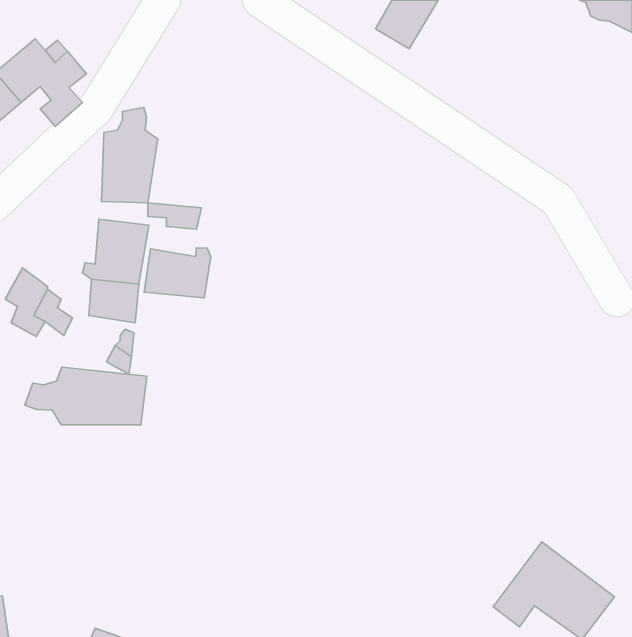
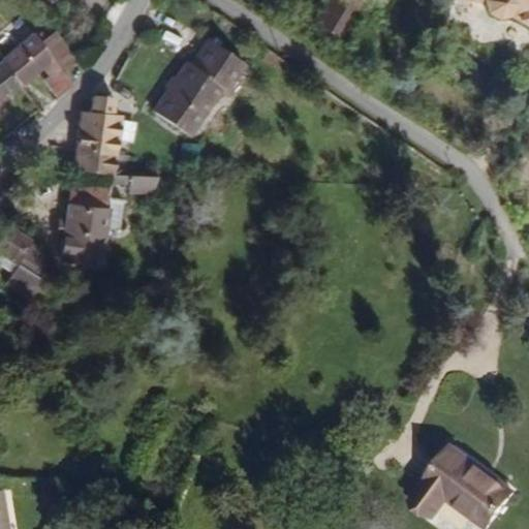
building: none -> [149,43,240,138]
building: [144,248,211,298] -> none
building: [25,367,147,425] -> none

